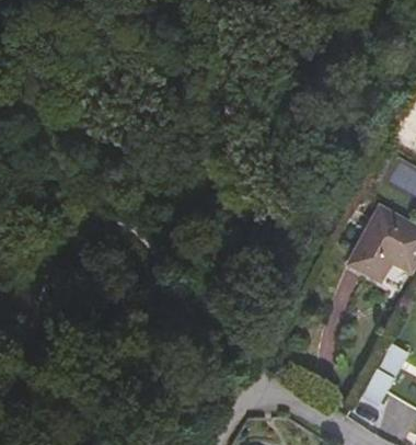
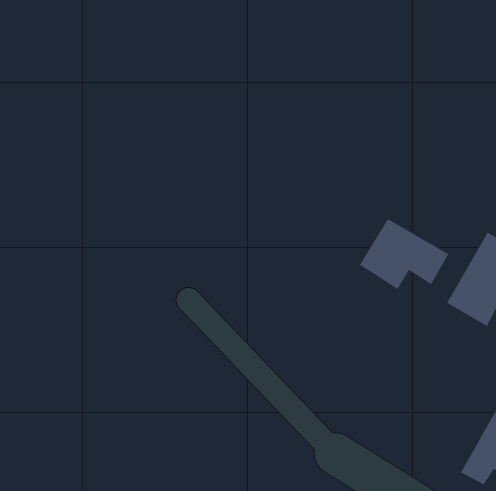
building: none -> [359,218,449,290]

